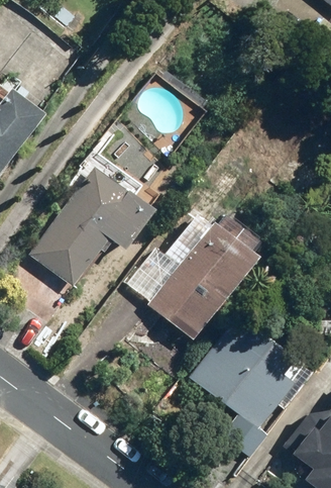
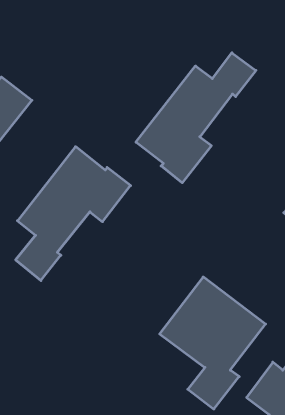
building: none -> [136,53,256,183]
building: [128,211,264,339] -> none

